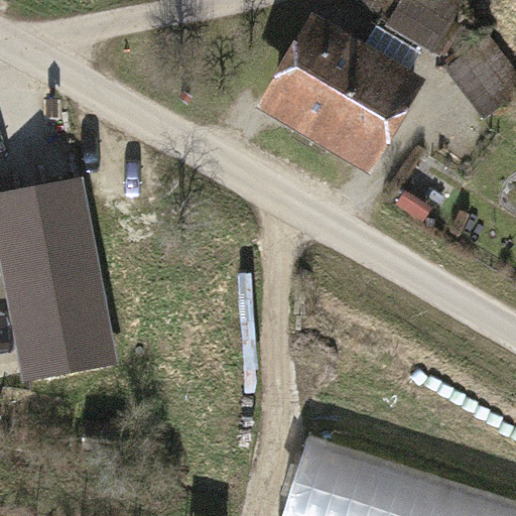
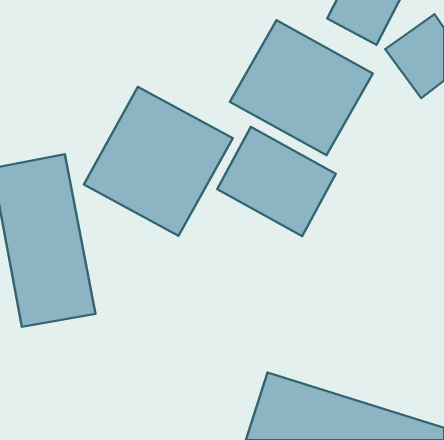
building: none -> [84,87,233,236]
building: none -> [217,127,336,236]

